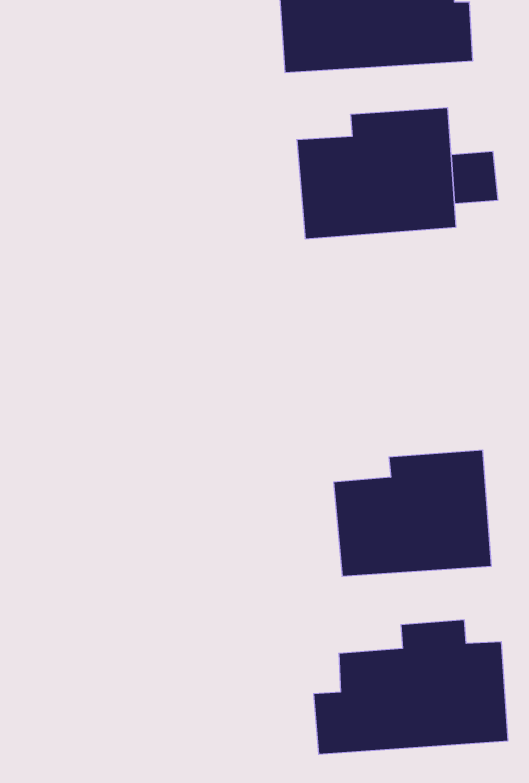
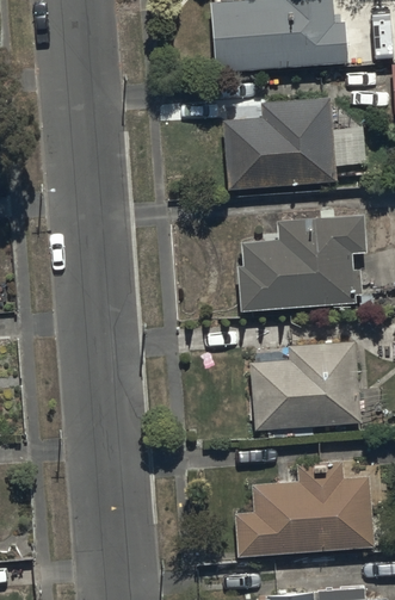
building: none -> [236,216,366,311]

